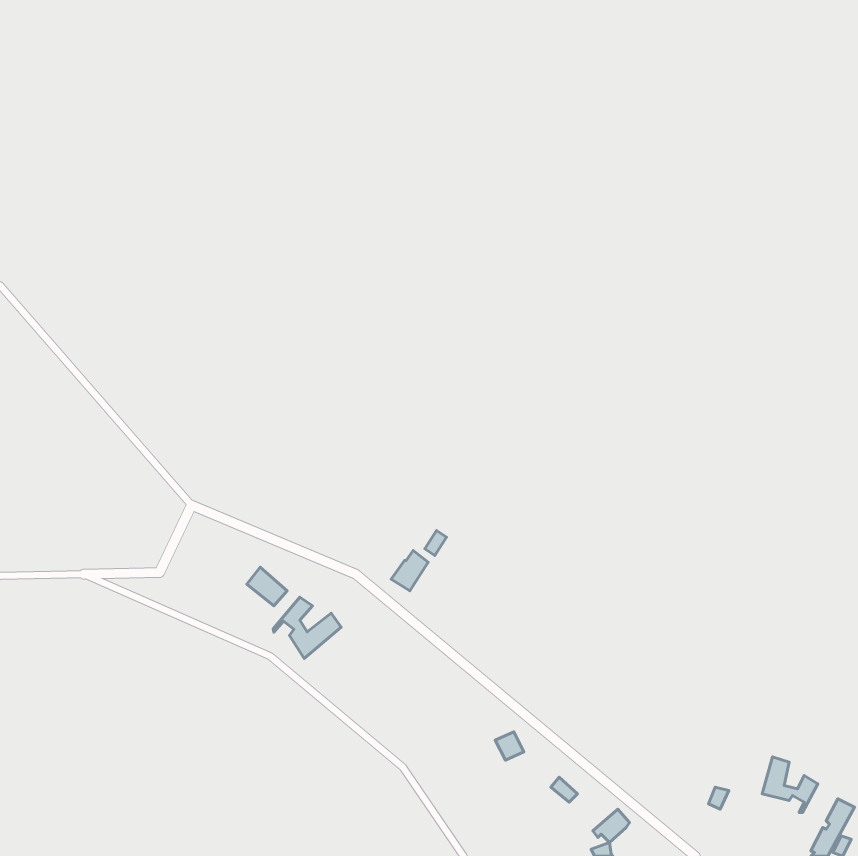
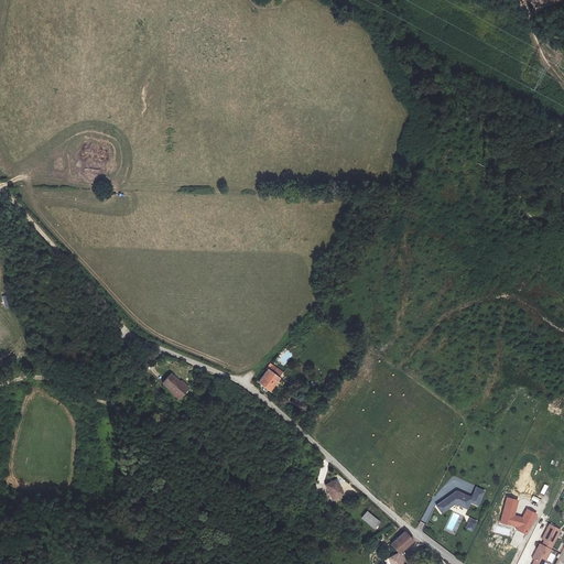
building: [273,597,341,658] -> none
building: none -> [436,486,485,512]

